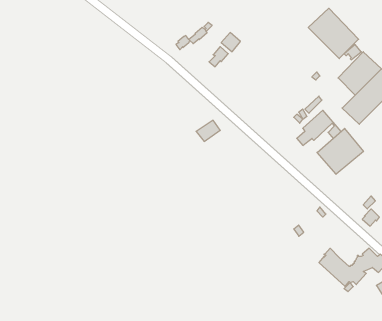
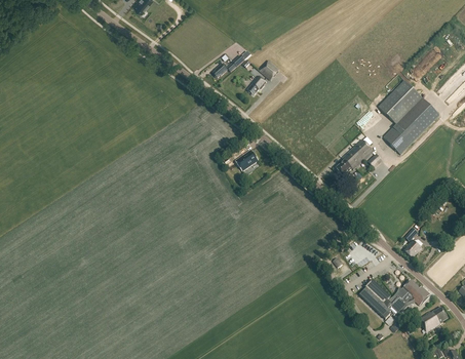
building: [308,8,359,59] -> none
building: [317,128,363,174] -> none

